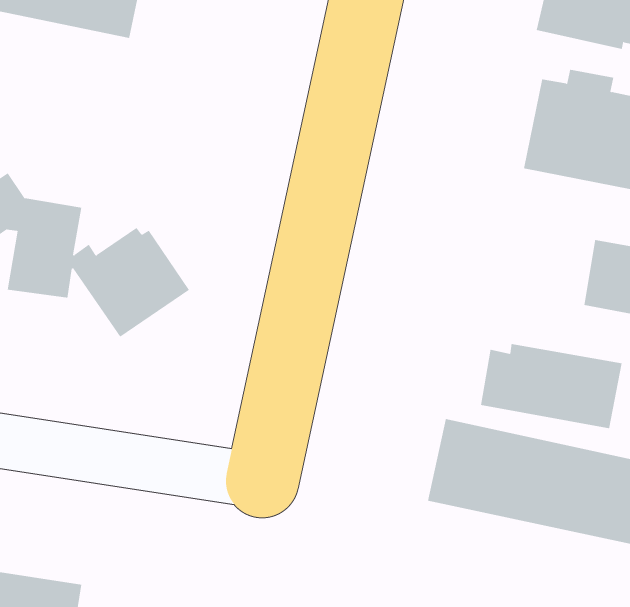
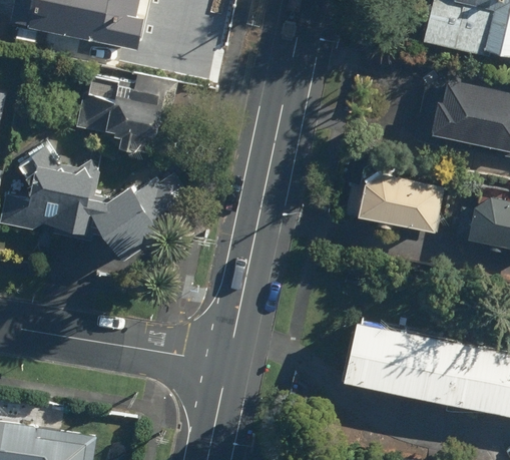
building: none -> [80,78,166,157]
building: [480,344,622,429] -> [344,171,446,233]

